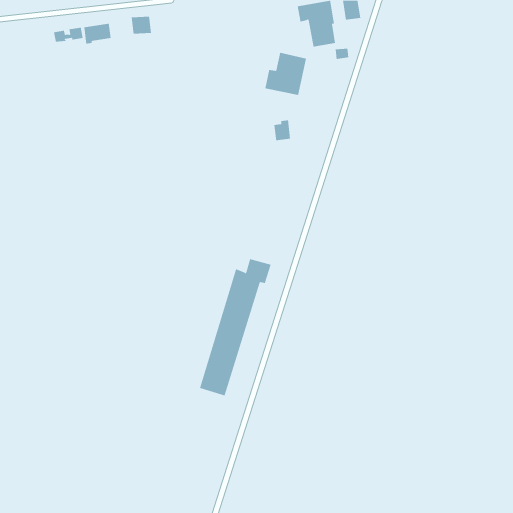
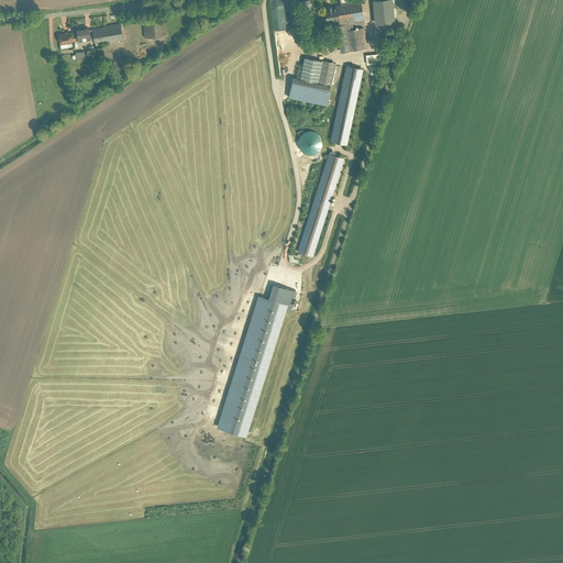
building: none -> [330,66,363,145]
building: none -> [297,153,344,257]

